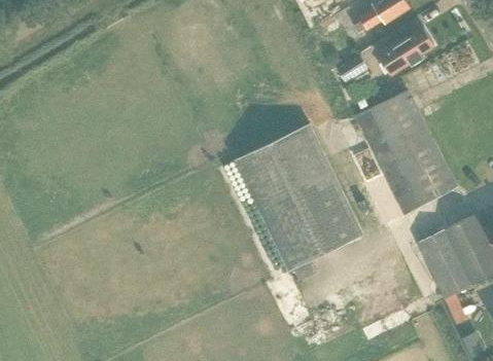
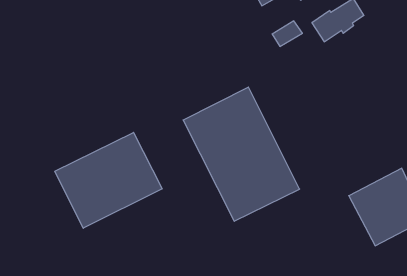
building: [355,91,457,215] -> none
building: none -> [55,132,162,228]

